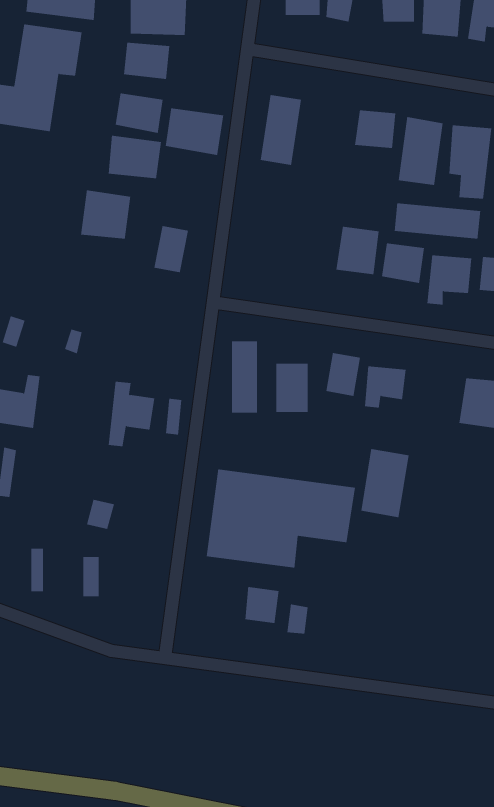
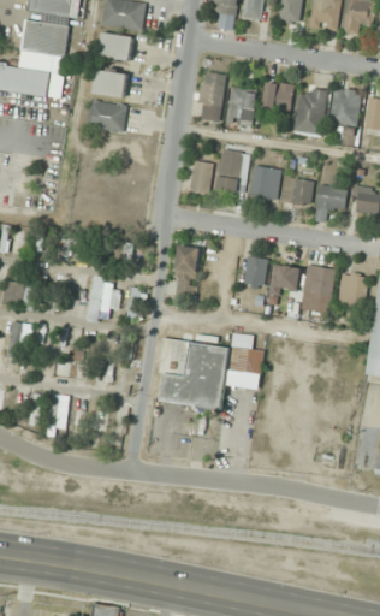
building: [165,108,224,156] -> none
building: none -> [225,87,256,125]
building: [81,190,131,239] -> none
building: [394,203,481,239] -> none
building: none -> [216,149,247,192]
building: [153,226,189,273] -> [188,159,213,192]
building: [276,363,308,413] -> none
building: [360,449,409,518] -> [299,263,334,313]
building: [245,586,279,624] -> none

